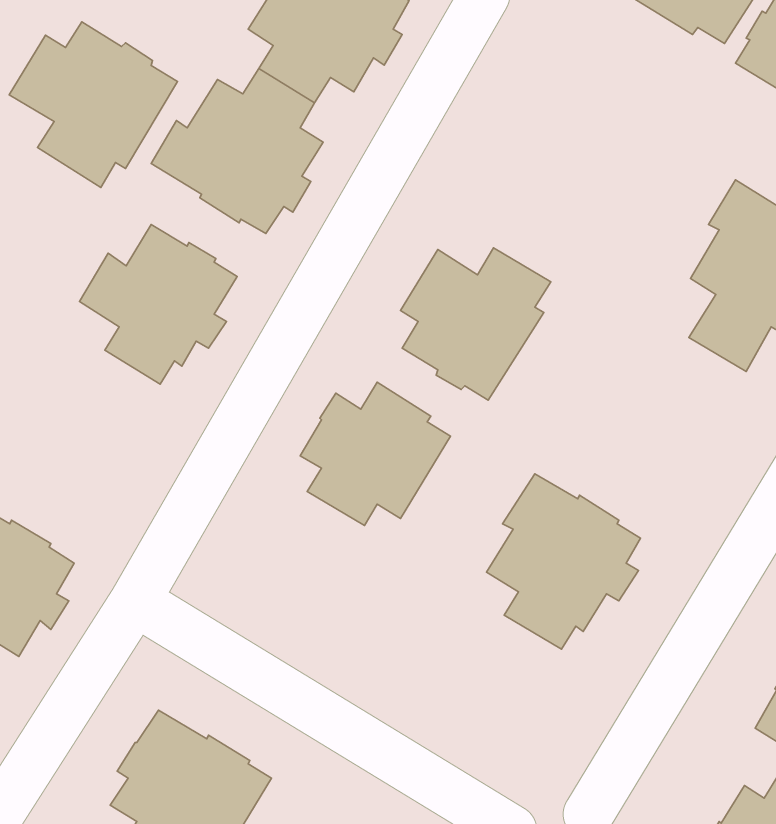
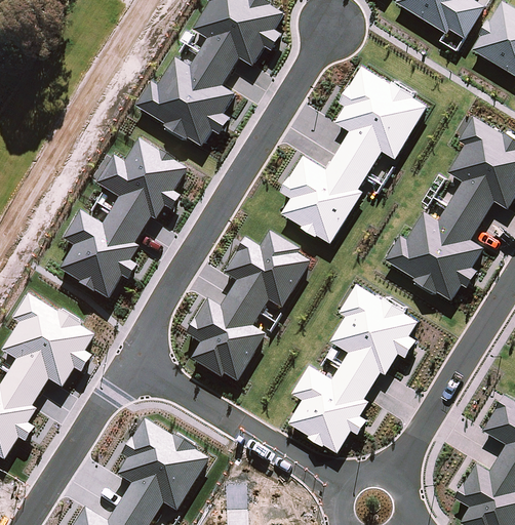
building: [9,22,177,188] -> none
building: none -> [333,67,426,174]
building: none -> [385,206,483,299]
building: none -> [58,213,143,300]
building: none -> [184,294,264,382]
building: none -> [287,364,372,453]

